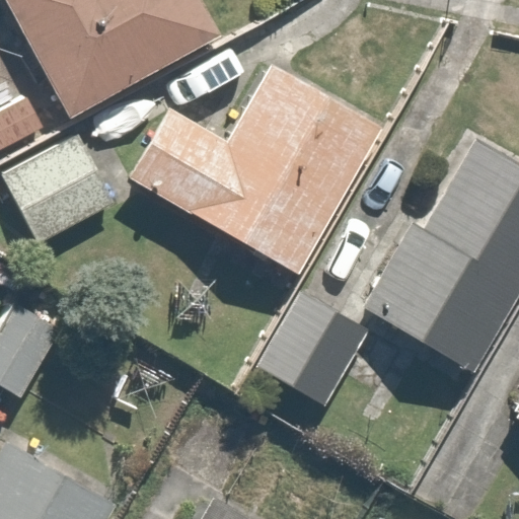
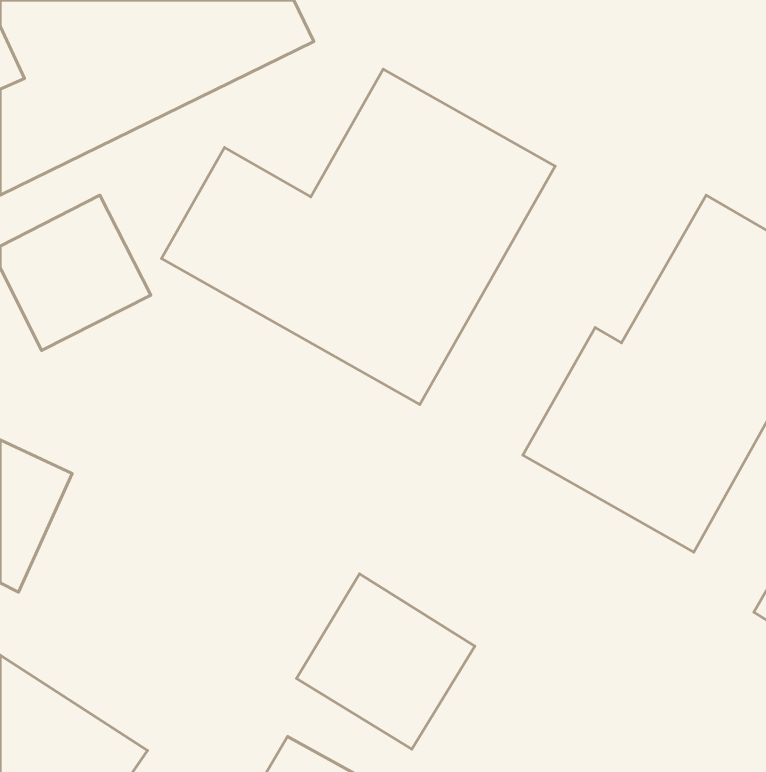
building: [248,294,366,410] -> [296,574,475,749]

